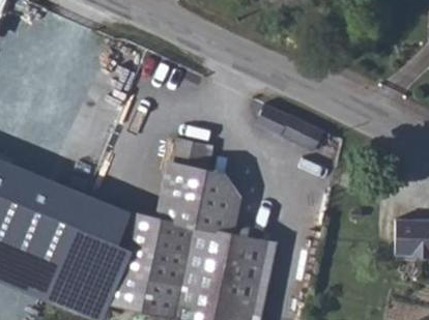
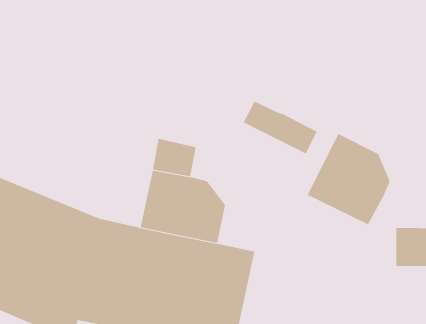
building: none -> [307,133,390,225]

